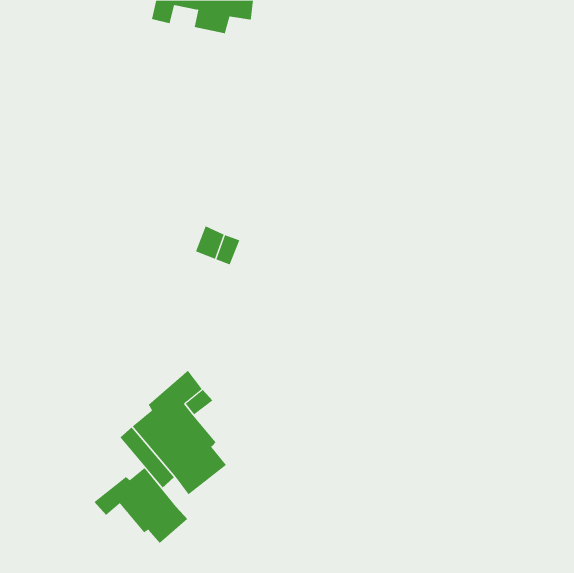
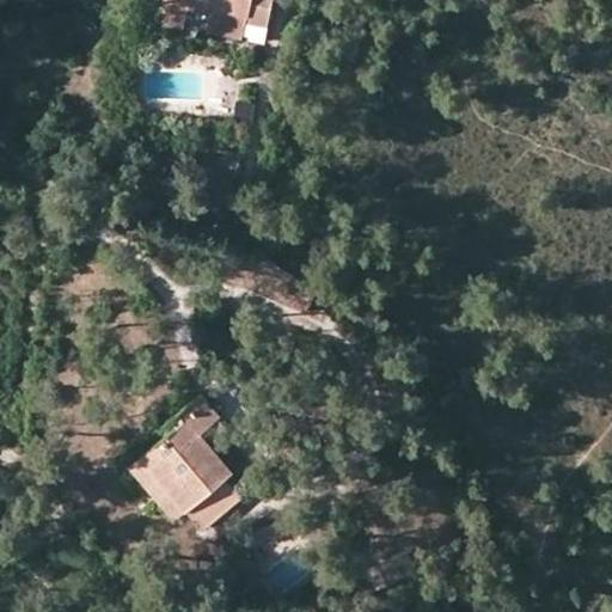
building: [94,467,188,544] -> none

